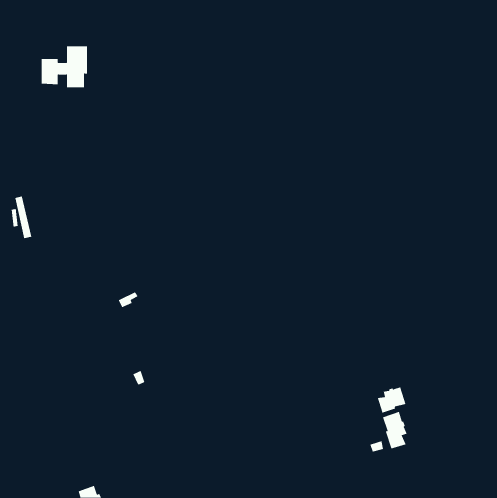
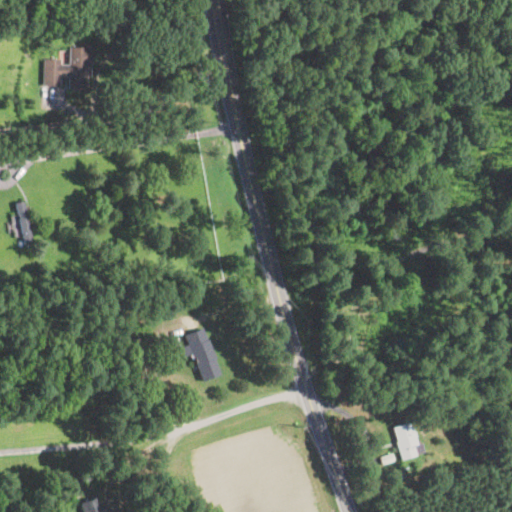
building: none -> [185,329,221,382]
building: [377,386,406,413] -> none

